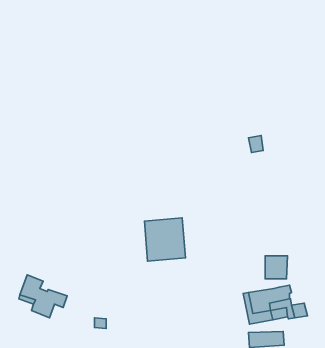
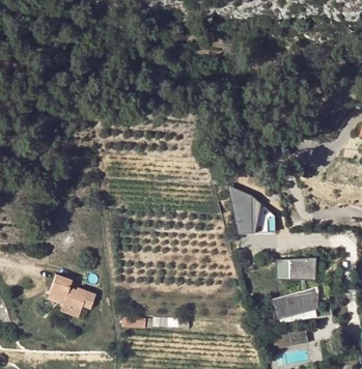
building: [144,218,185,261] -> [232,191,273,233]

